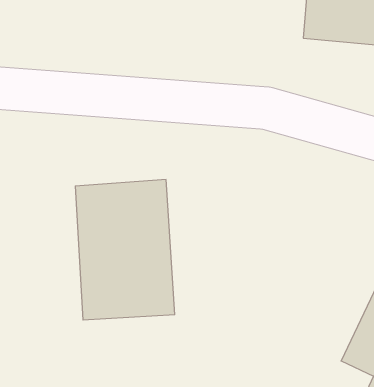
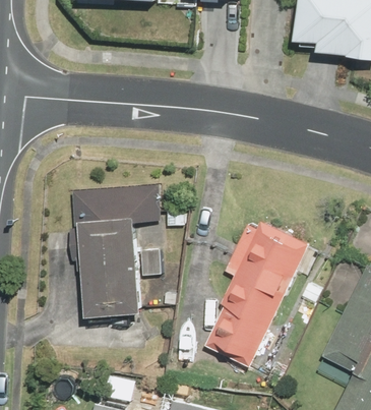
building: none -> [202,218,308,365]

